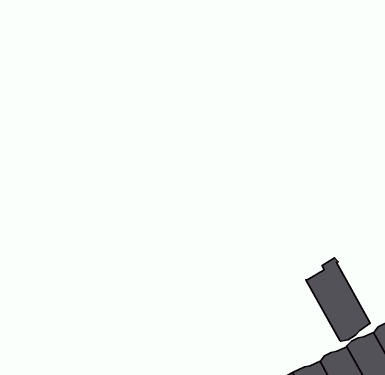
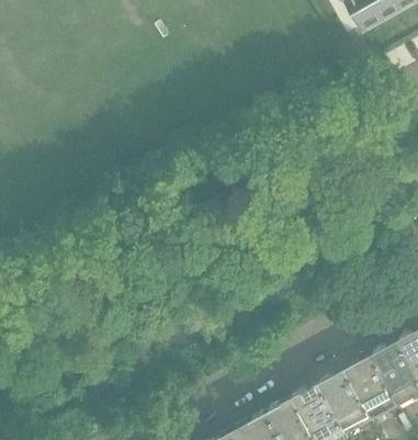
building: [306,258,370,341] -> none

